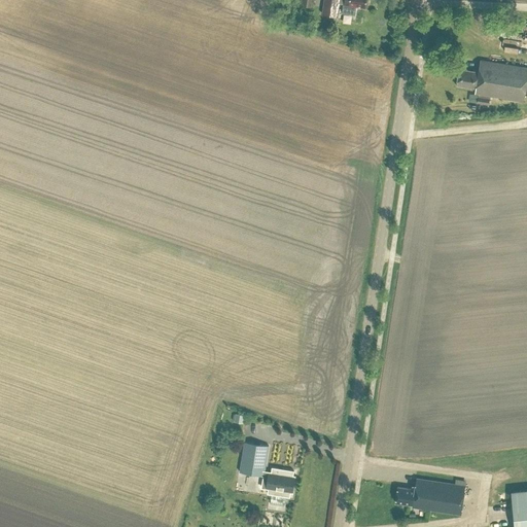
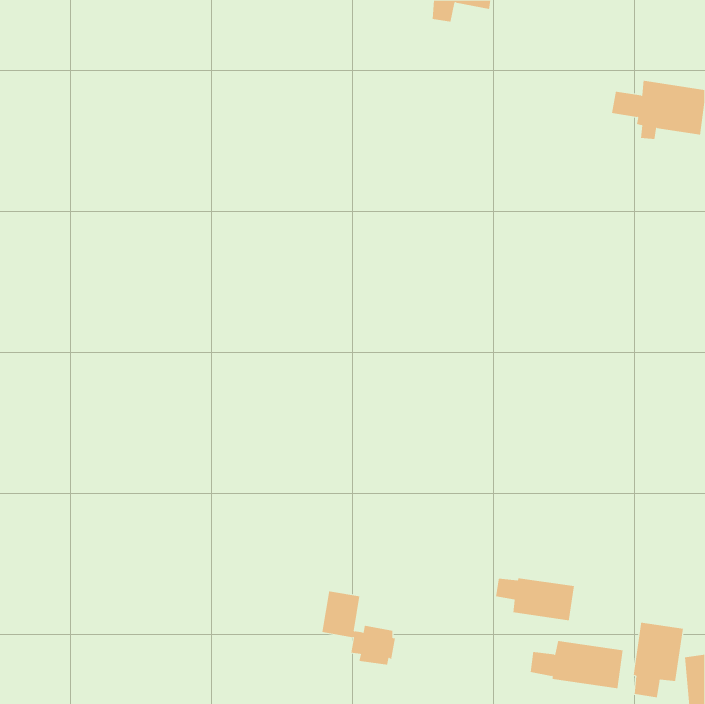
building: none -> [495,577,574,621]
building: none -> [633,622,683,698]

